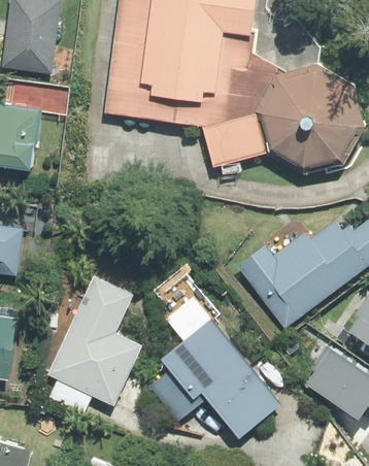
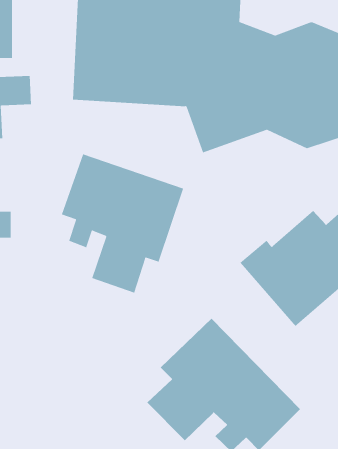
building: none -> [61,154,184,294]
building: [49,272,139,410] -> none

